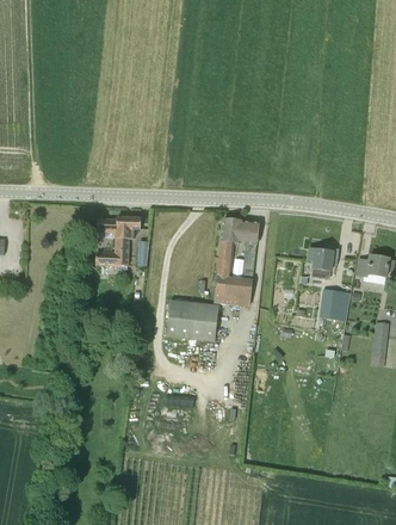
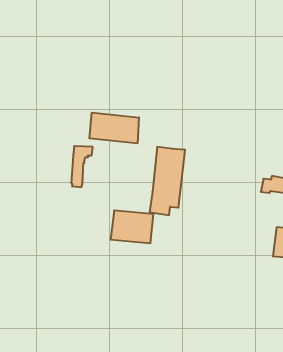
building: none -> [89,113,139,143]
building: [308,247,339,271] -> none
building: [318,289,344,320] -> none

